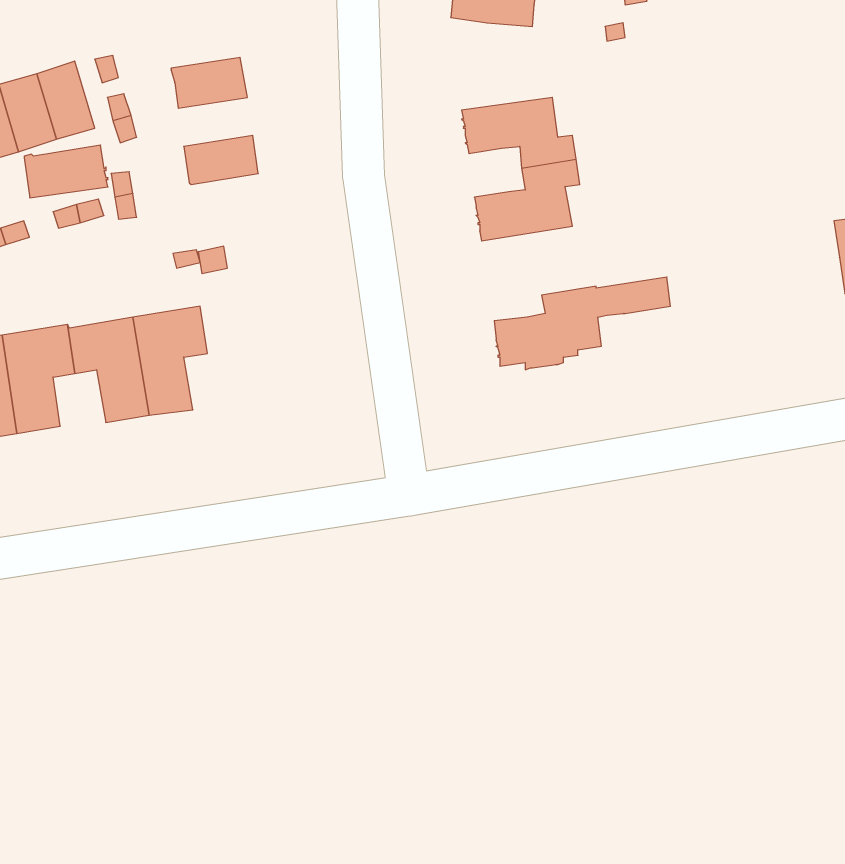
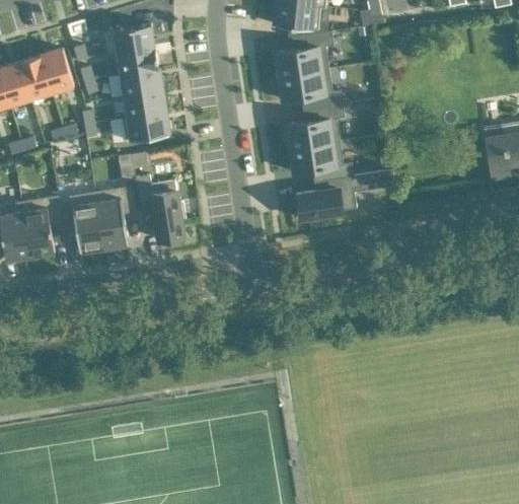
building: none -> [102,25,154,57]
building: none -> [275,32,333,77]
building: none -> [120,70,161,97]
building: [24,145,108,198] -> [122,113,168,142]
building: none -> [289,142,353,181]
building: none -> [135,176,186,241]

